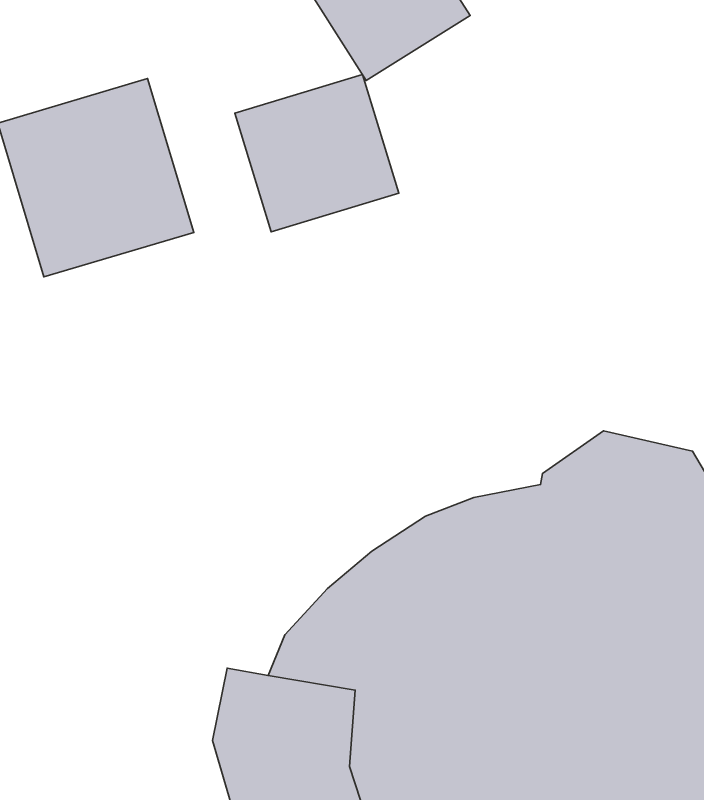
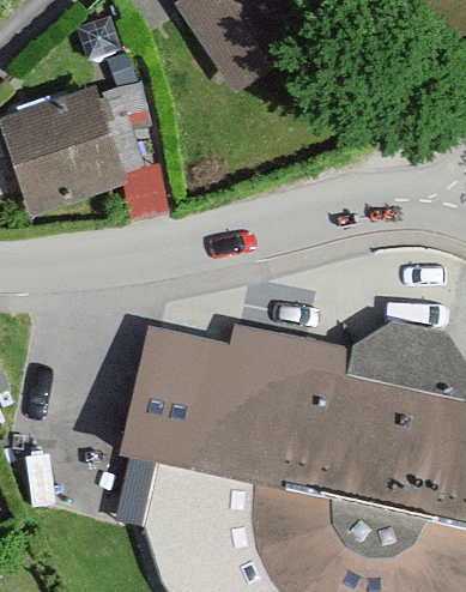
building: [235,75,399,232] -> none
building: none -> [120,324,352,477]

